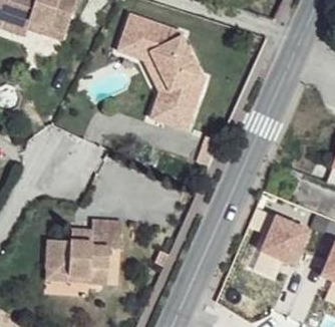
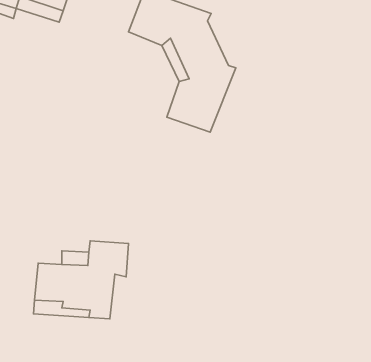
building: [260,214,308,264] -> none

